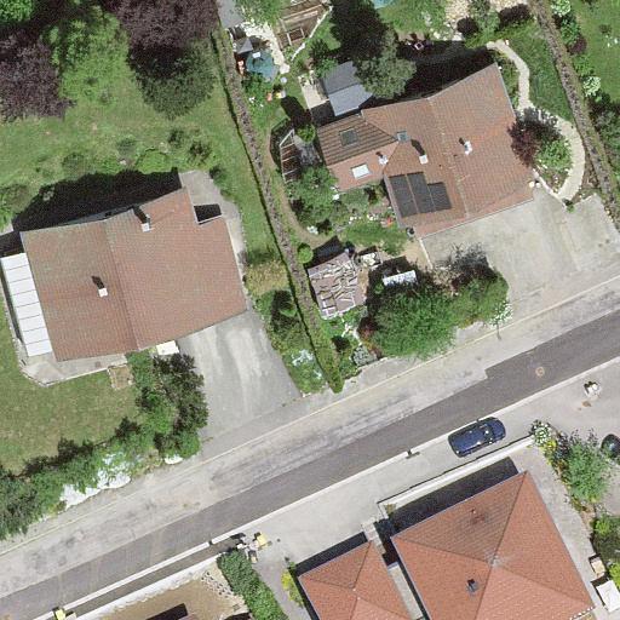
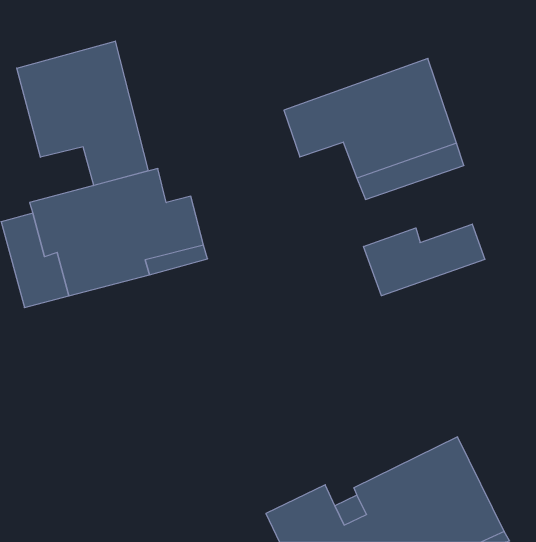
building: none -> [17,41,148,186]
building: none -> [364,224,485,296]

